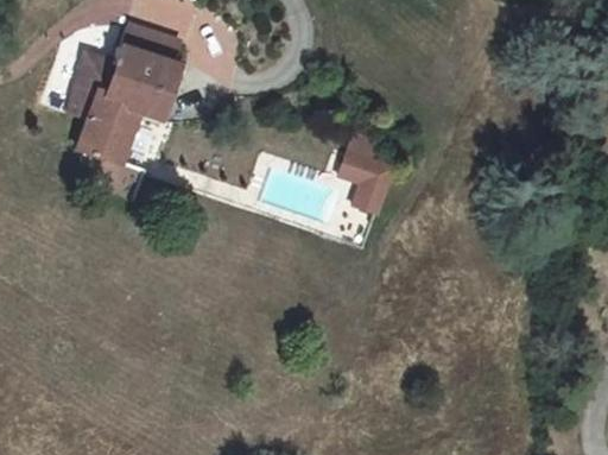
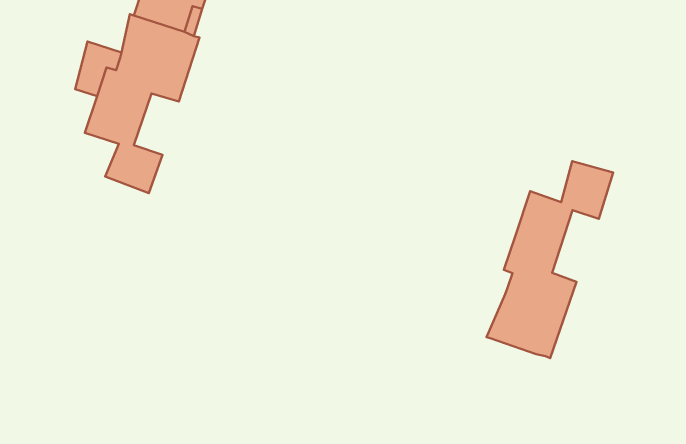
building: [337,129,398,216] -> none
building: none -> [487,161,613,358]

